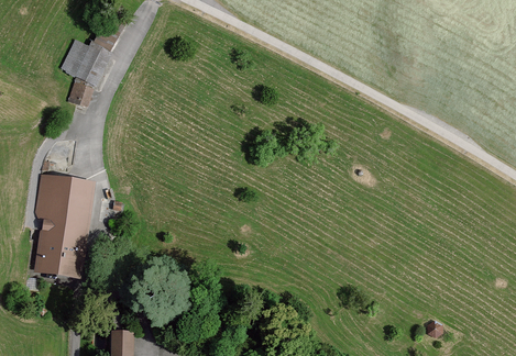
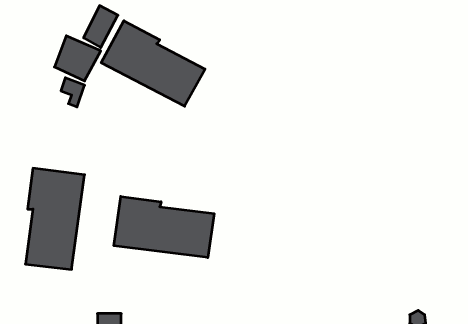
building: none -> [101,21,205,106]
building: none -> [114,196,214,258]

